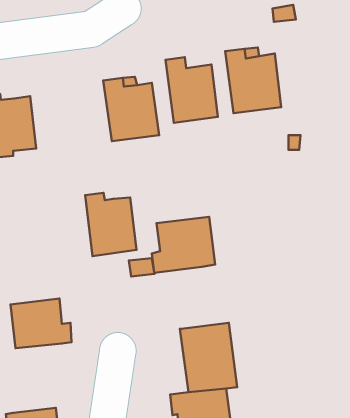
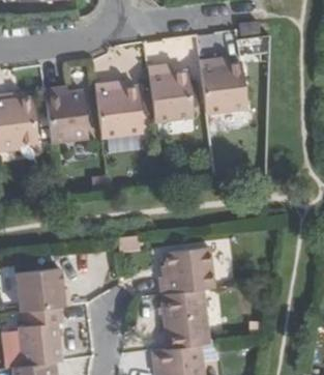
building: [85,193,136,256] -> [45,87,88,141]
building: [152,217,215,273] -> [159,247,213,294]
building: none -> [14,307,61,366]

